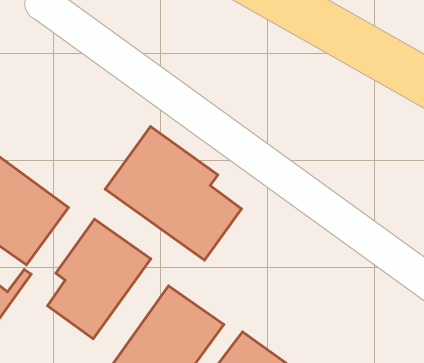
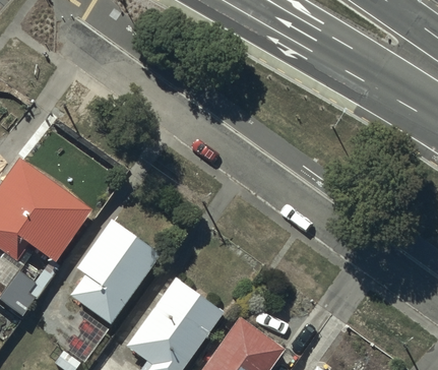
building: [105,127,241,260] -> none

